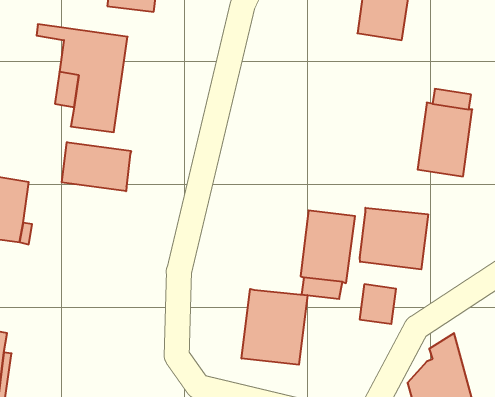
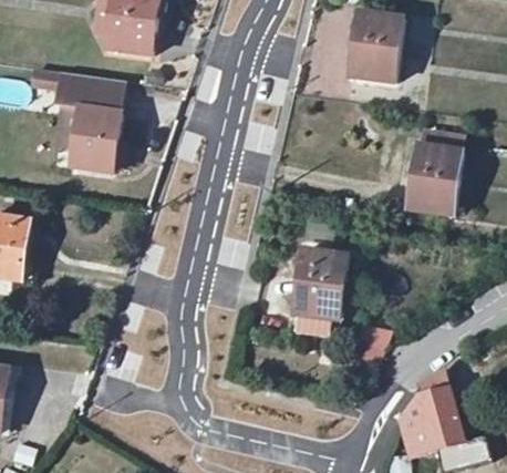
building: [62,142,131,191] -> none
building: [360,208,428,269] -> none
building: [242,289,307,365] -> none

